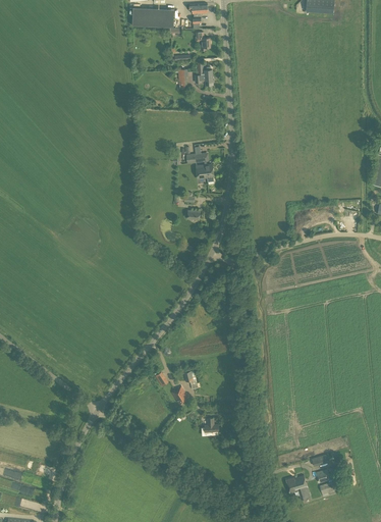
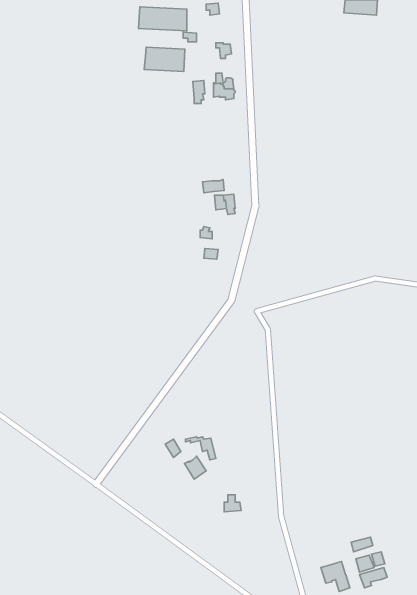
building: none -> [144,47,185,72]

